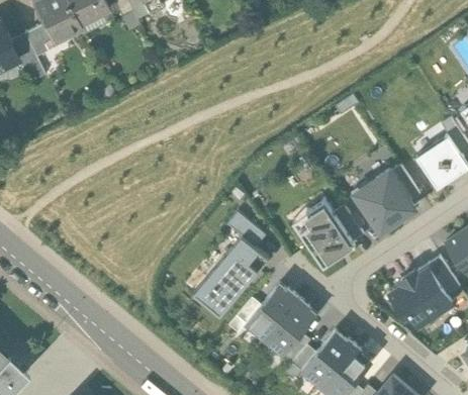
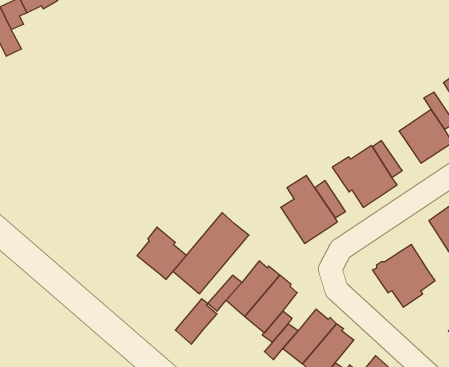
building: [227,211,265,248] -> none
building: none -> [137,227,186,279]
building: [417,258,460,296] -> none
building: none -> [175,299,217,344]

